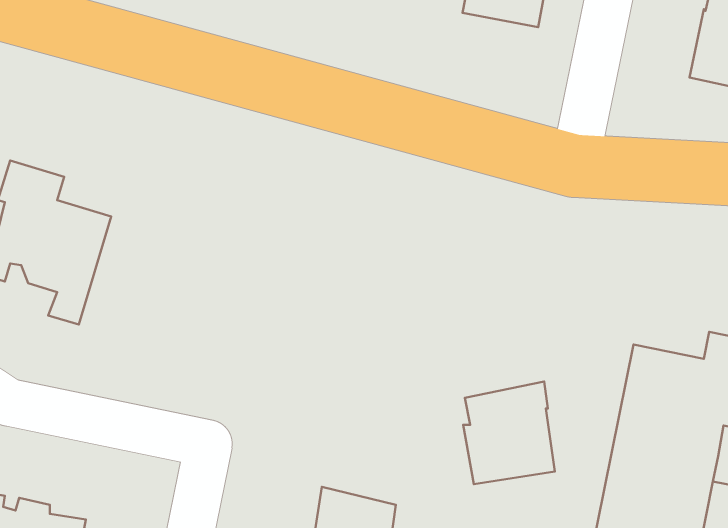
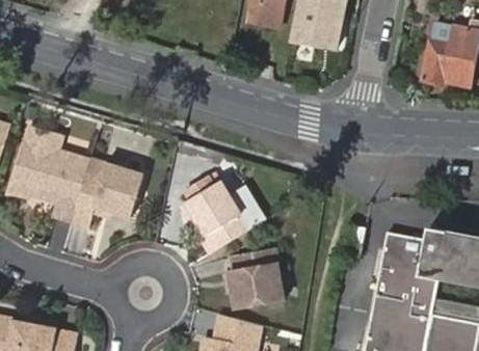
building: none -> [69,159,147,228]
building: none -> [185,182,247,253]
building: [463,381,555,484] -> [229,248,282,307]

